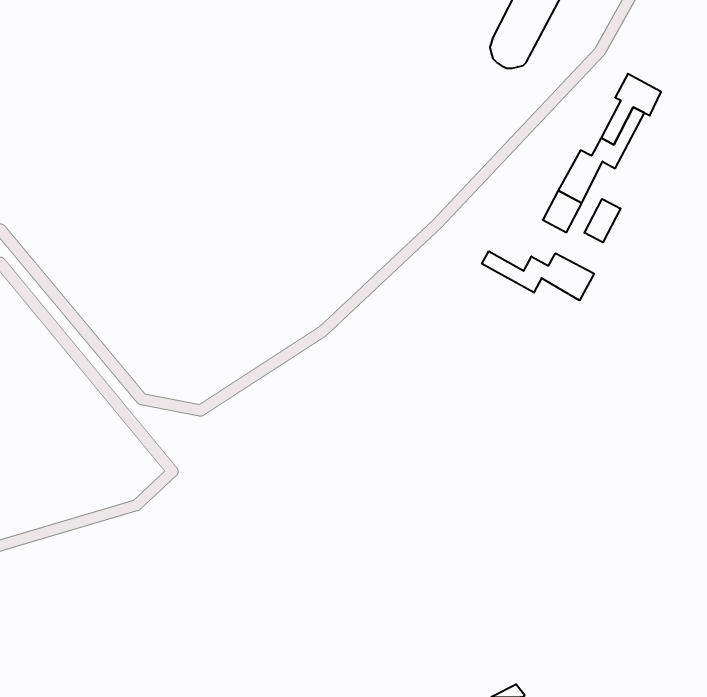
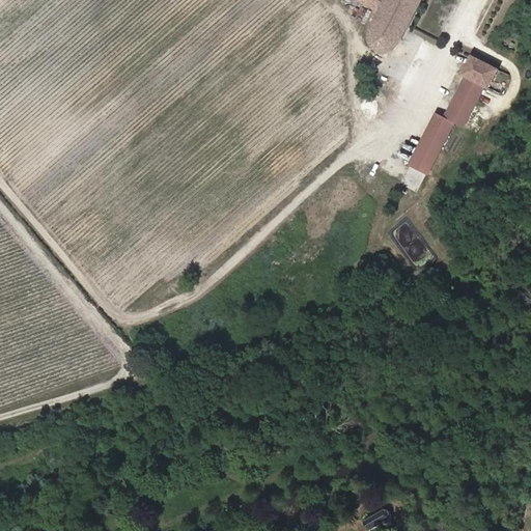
building: [584,199,621,242] -> none
building: [482,251,594,300] -> none

